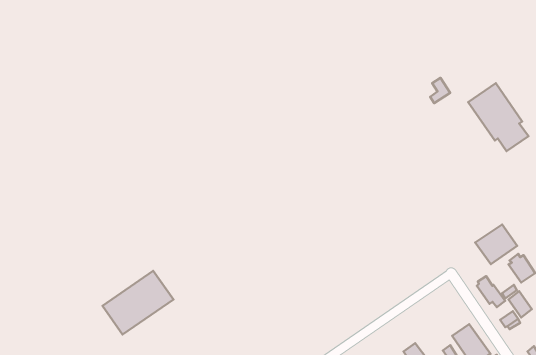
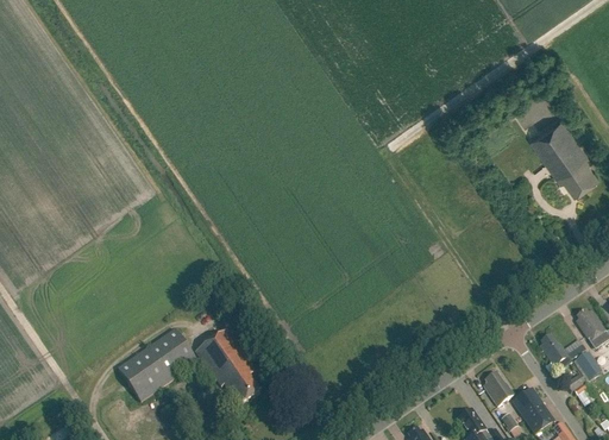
building: [475,225,517,264] -> none
building: none -> [195,328,260,403]
building: none -> [482,372,513,406]

